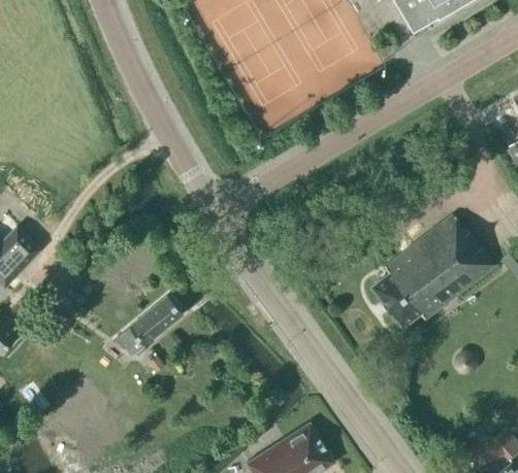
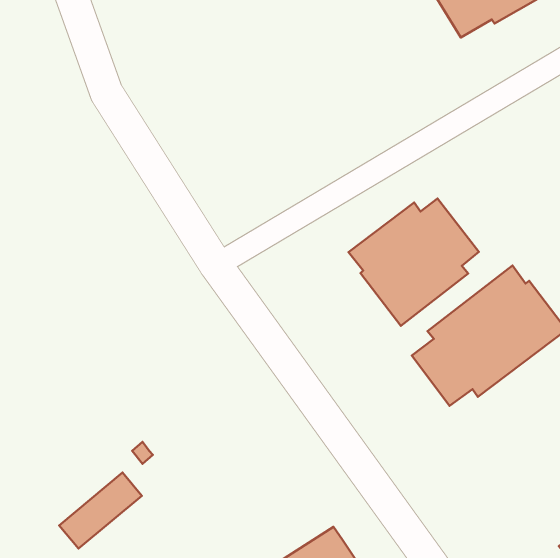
building: none -> [348,199,479,326]
building: [118,295,184,356] -> [59,473,142,549]

